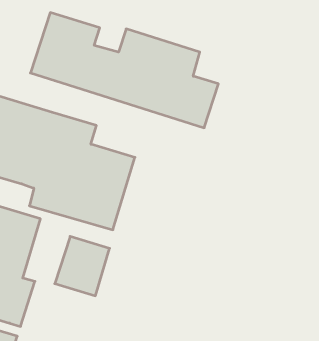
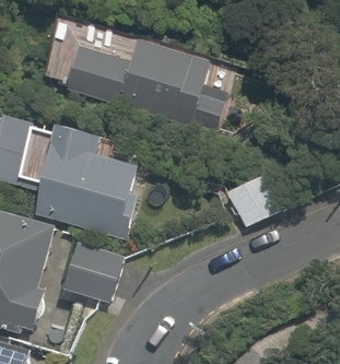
building: none -> [230,174,286,228]

